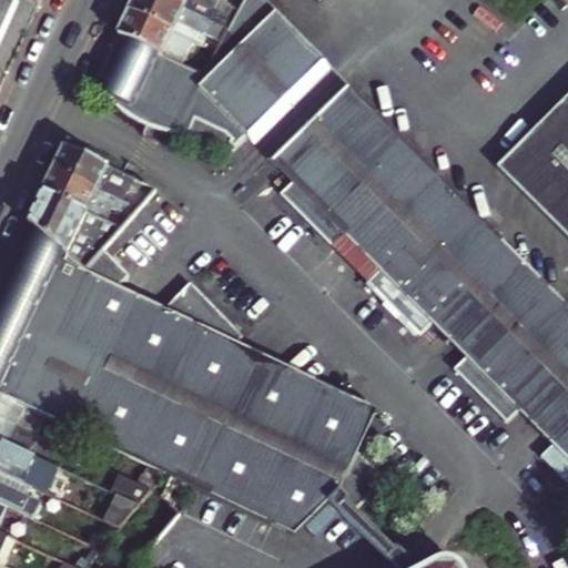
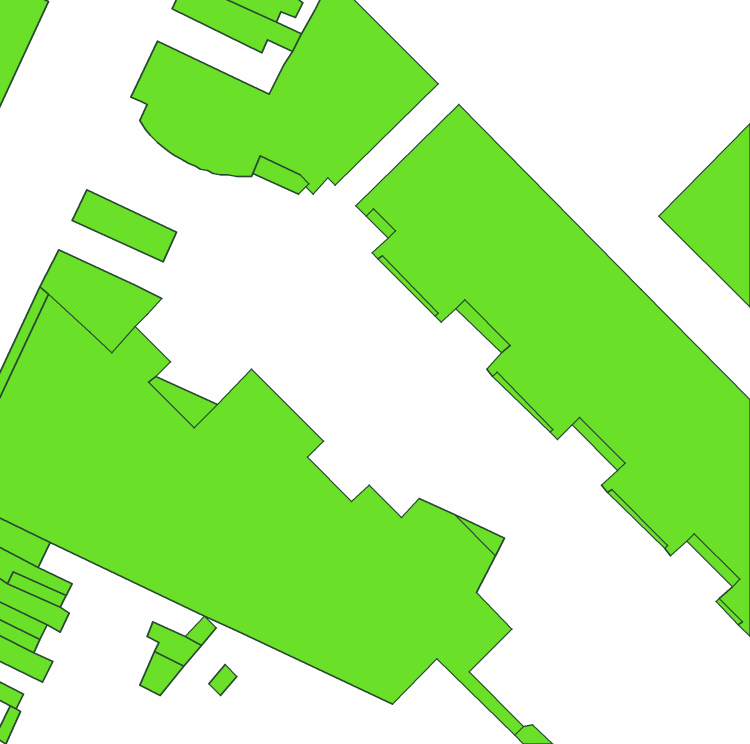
building: [119,7,197,63] -> none
building: [44,166,140,215] -> none
building: [232,339,316,390] -> none

